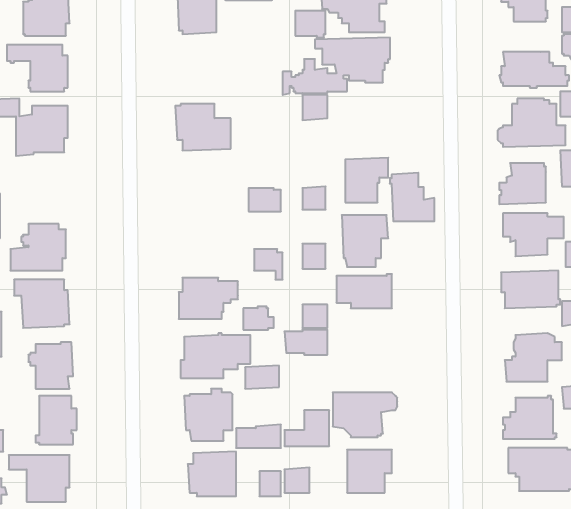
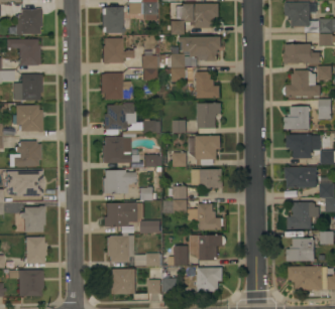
building: none -> [103,37,134,63]
building: none -> [143,49,160,81]
building: none -> [104,102,136,129]
building: none -> [14,105,41,132]
building: [390,173,434,221] -> [195,70,220,98]
building: none -> [102,133,136,163]
building: none -> [188,203,223,229]

